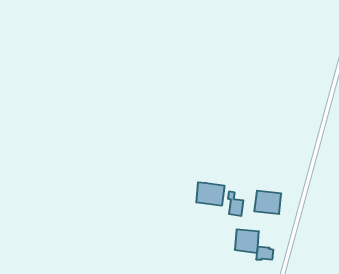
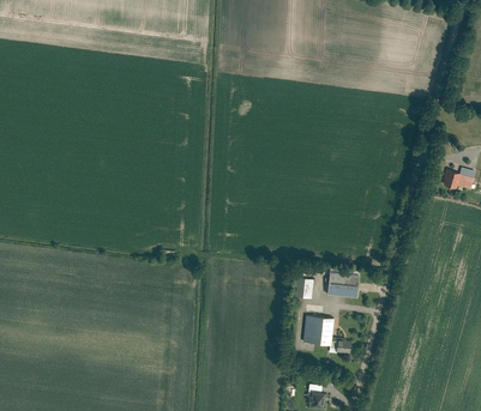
building: [197,182,224,206] -> none

